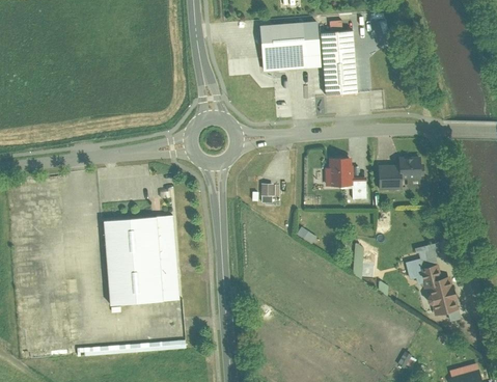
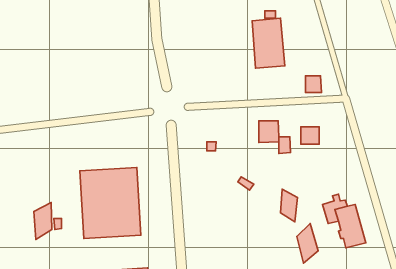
building: [260,23,307,72] -> none
building: [401,157,420,178] -> [306,76,321,93]
building: none -> [34,202,52,239]
building: none -> [297,223,318,263]

